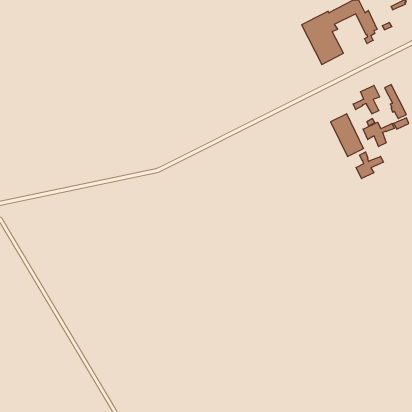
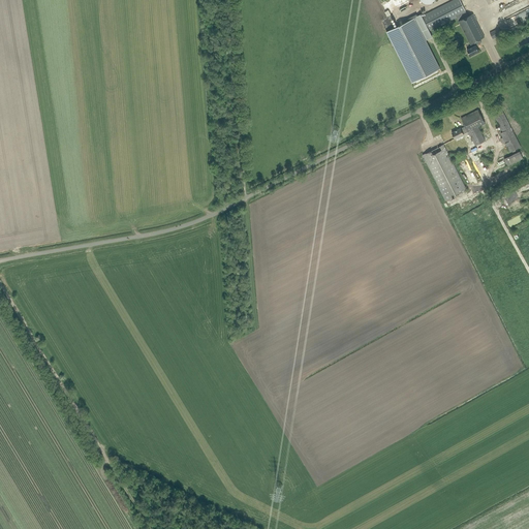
building: [363,122,394,147] -> none
building: [356,152,383,179] -> none

